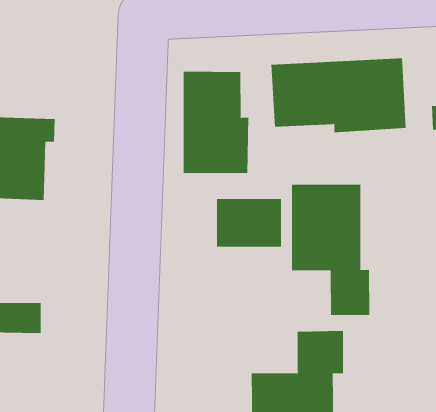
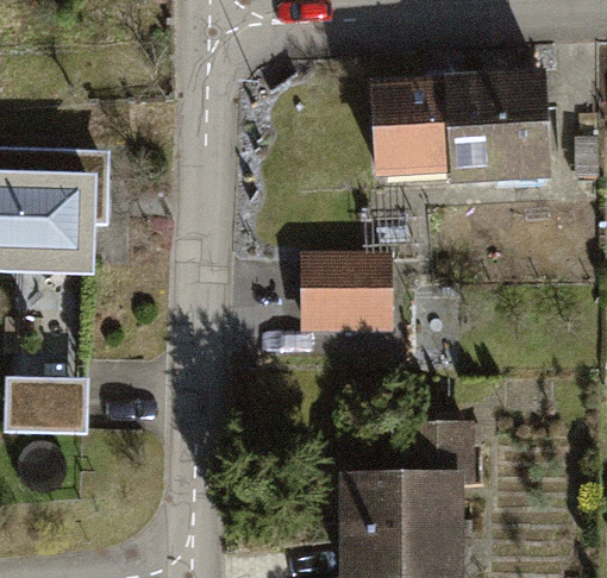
building: [183,71,249,174] -> none
building: [291,184,370,316] -> none

